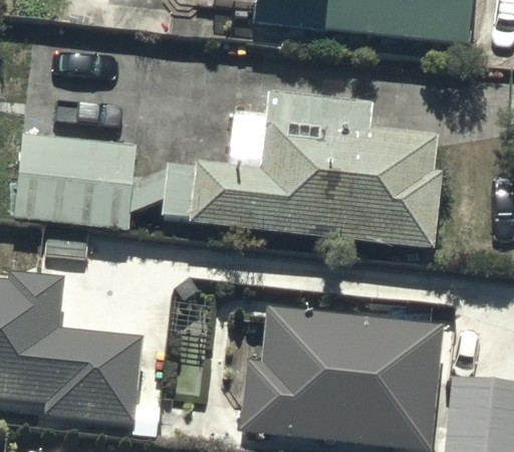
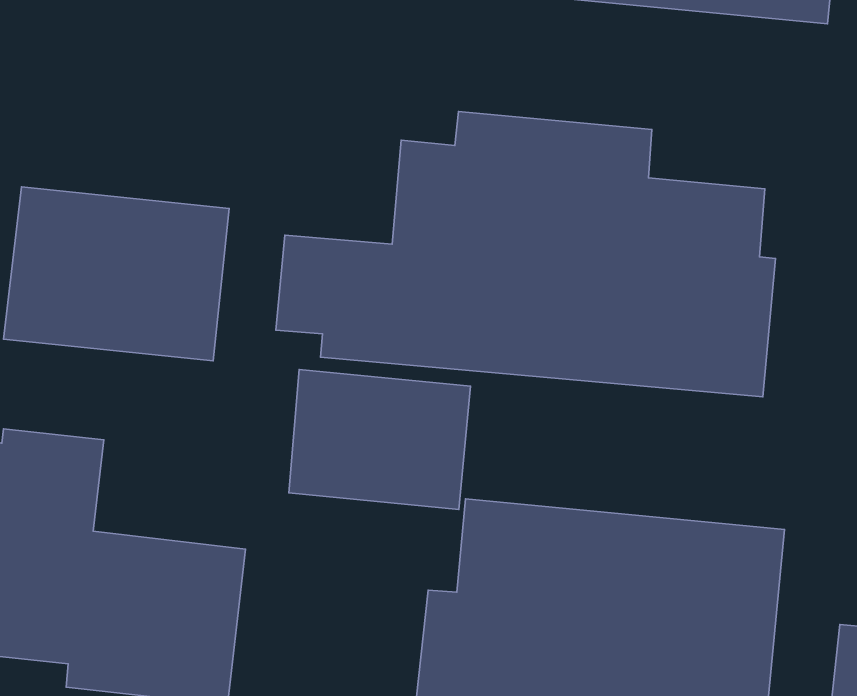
building: none -> [289,369,471,509]

